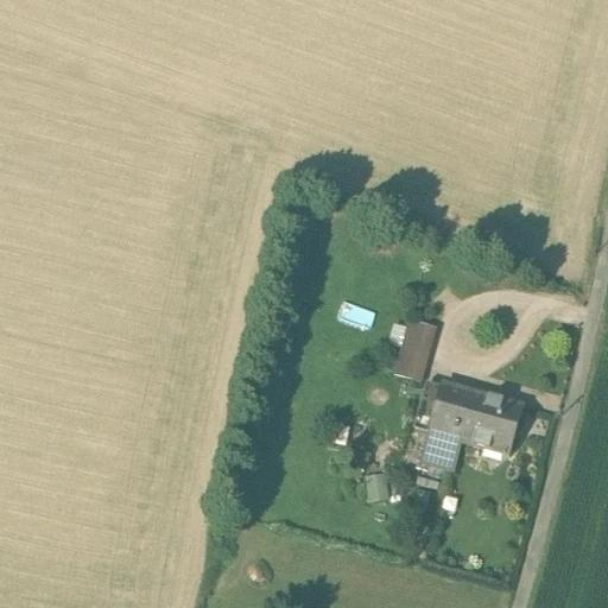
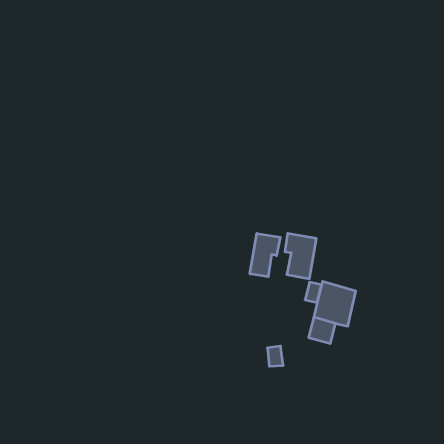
building: none -> [250,233,280,277]
building: [476,395,524,454] -> none

